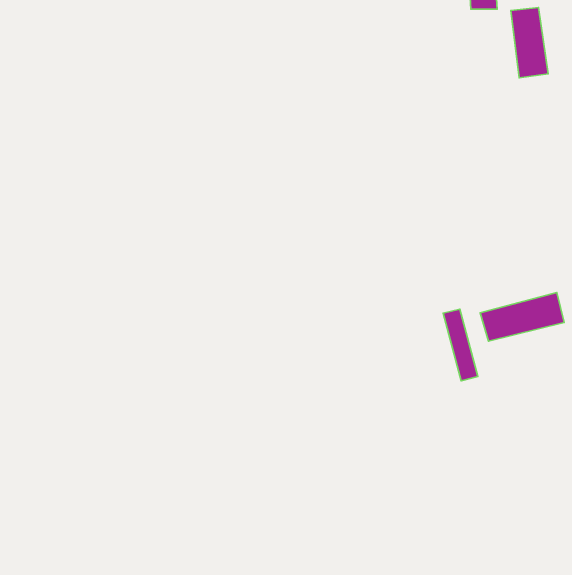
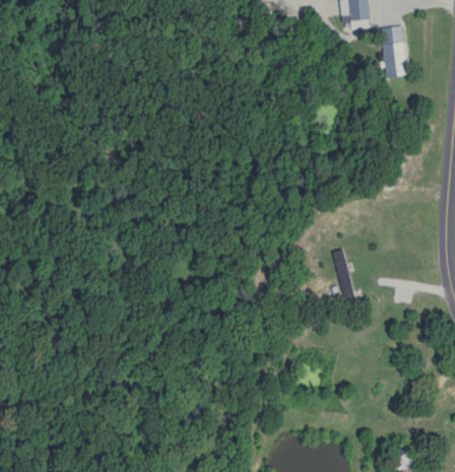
building: [480,292,564,341] -> none

